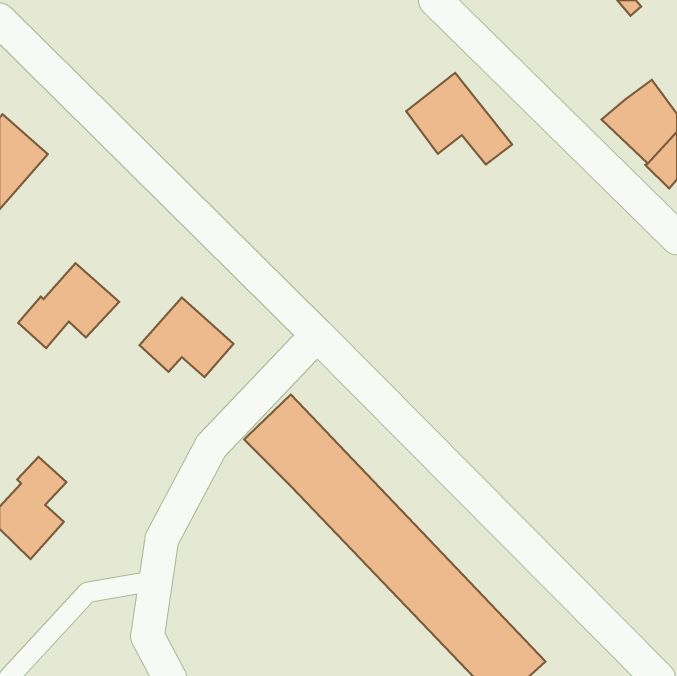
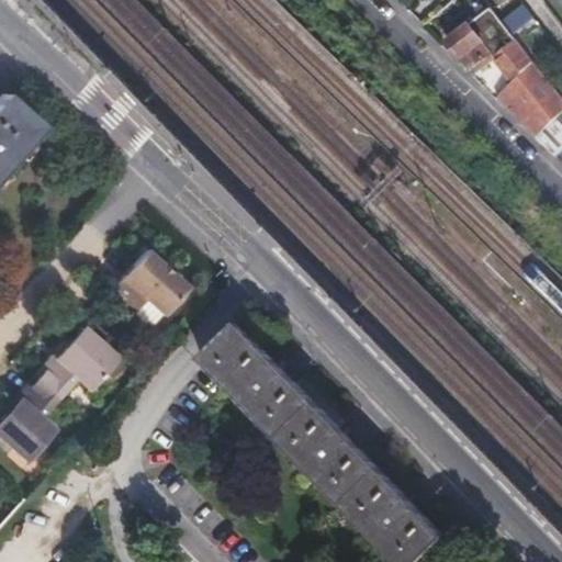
building: [406,73,512,164] -> [451,9,539,85]
building: [18,263,119,348] -> [32,330,115,401]

